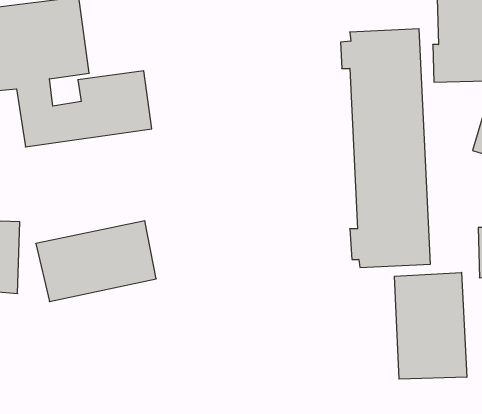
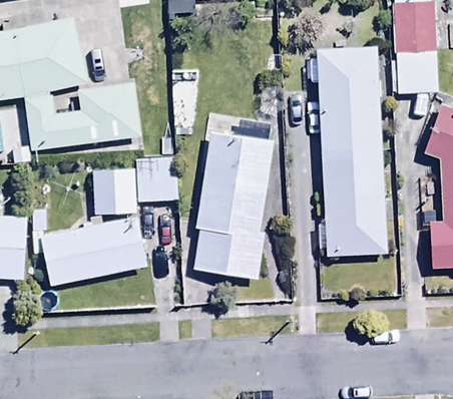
building: none -> [192,116,274,280]
building: none -> [93,157,179,215]
building: [395,272,467,379] -> none

